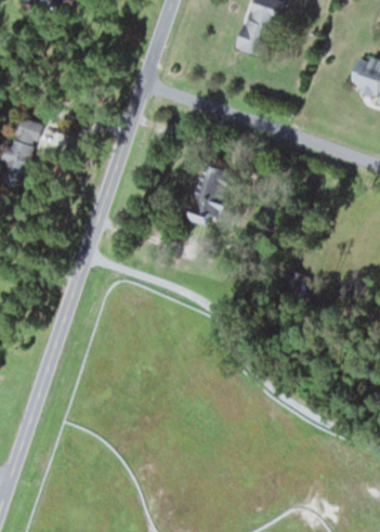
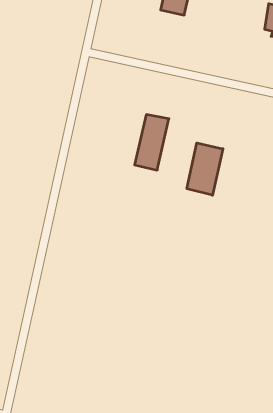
building: none -> [187,143,223,195]

